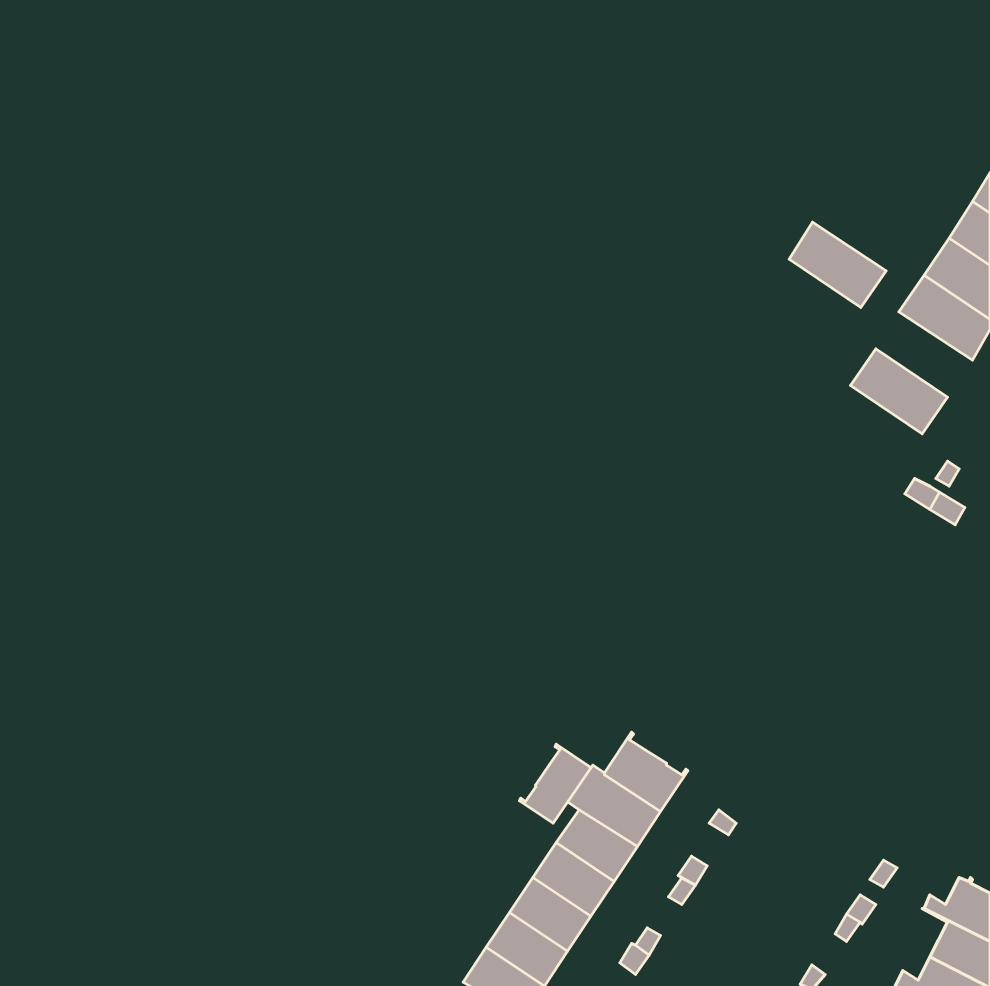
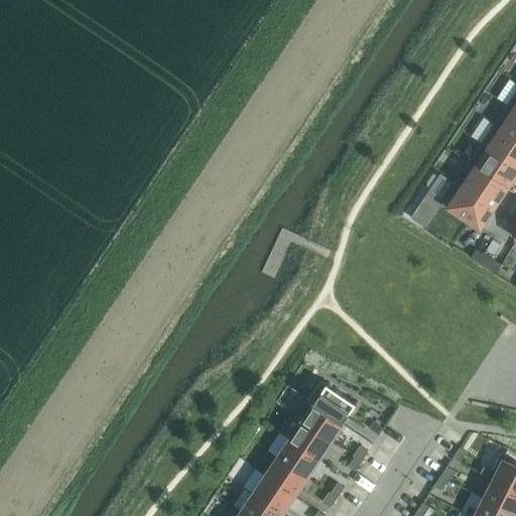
building: [789,222,886,308] -> [456,164,506,209]
building: [520,744,590,823] -> none

